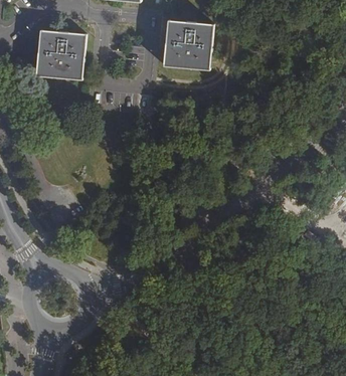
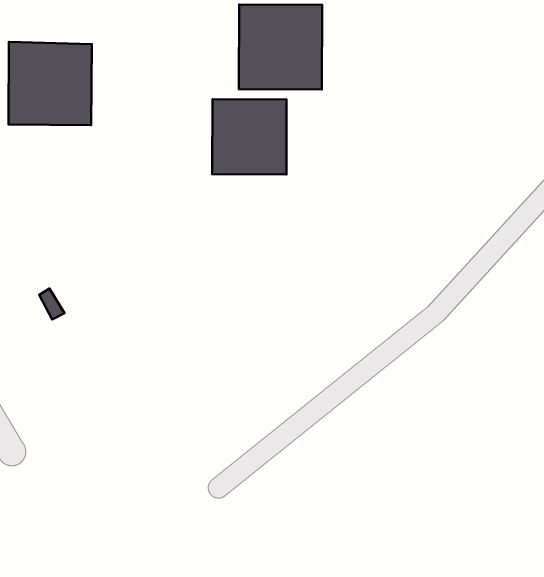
building: none -> [212,99,287,174]

